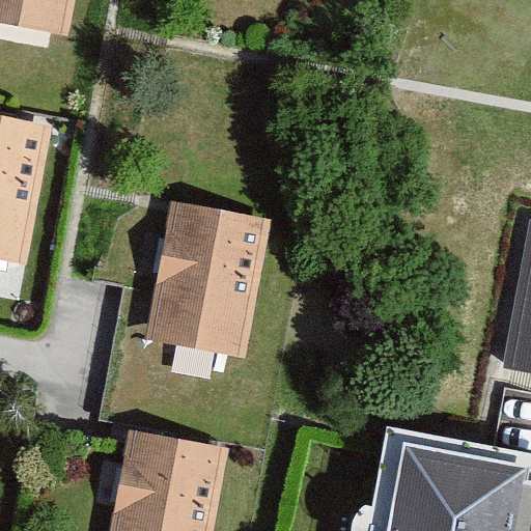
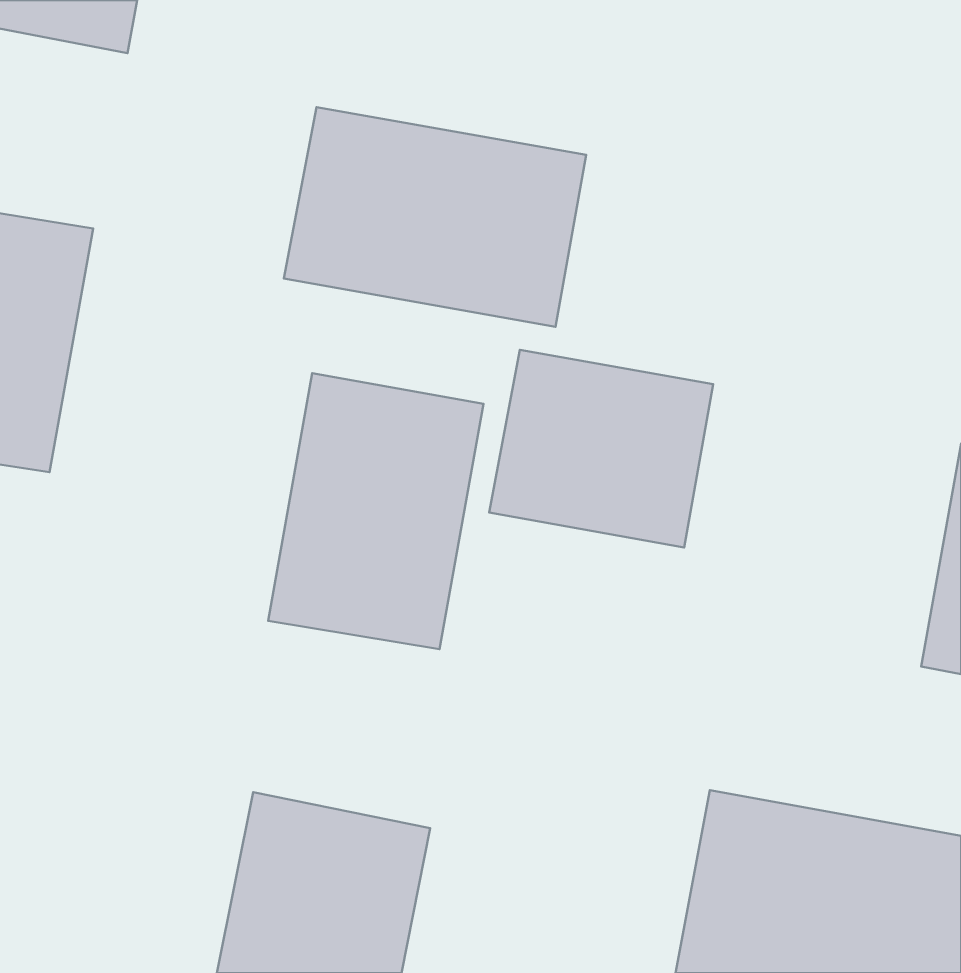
building: none -> [284,107,586,327]
building: none -> [489,350,713,547]

